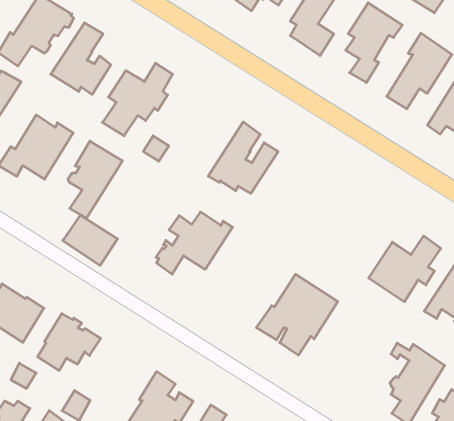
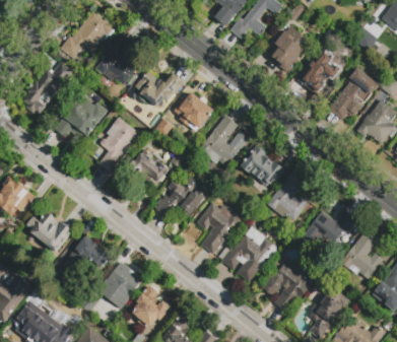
building: none -> [173,92,213,133]
building: none -> [240,146,284,187]
building: none -> [266,169,309,220]
building: [63,215,118,265] -> [129,149,168,186]
building: none -> [197,203,239,254]
building: none -> [261,262,318,314]
building: none -> [102,262,142,310]

